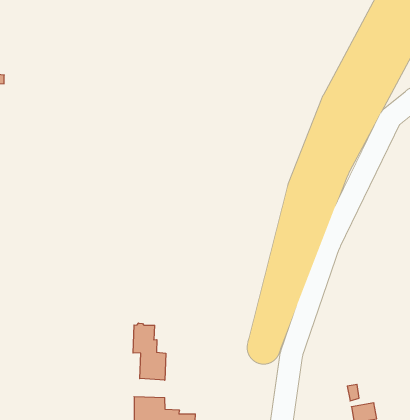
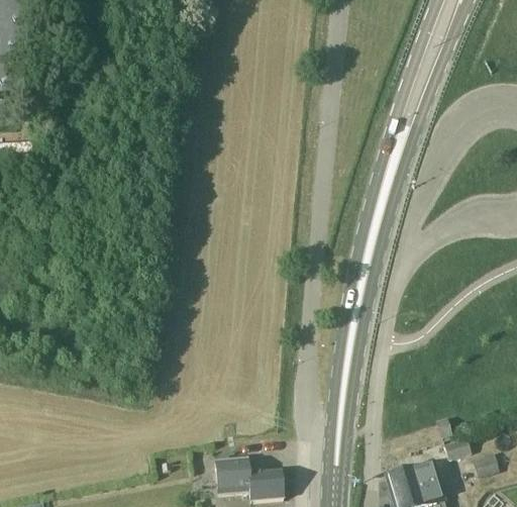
building: [133,323,166,380] -> none

